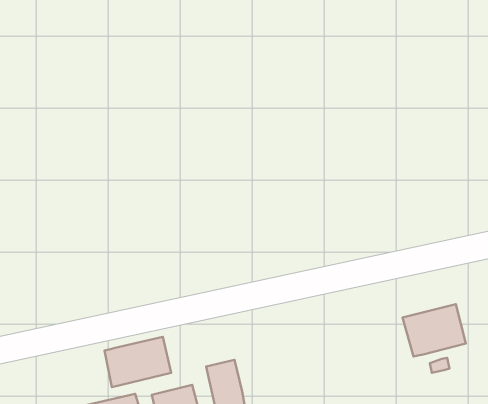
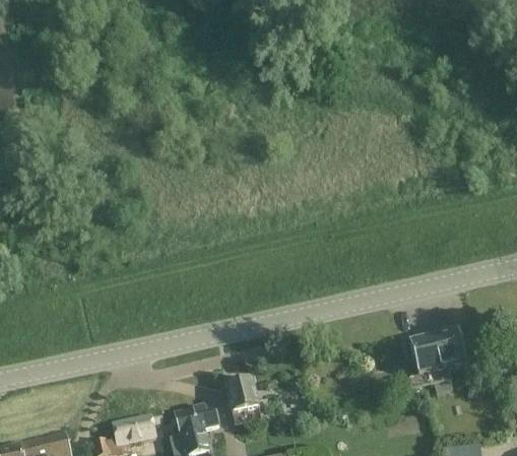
building: [104,337,171,387] -> none

